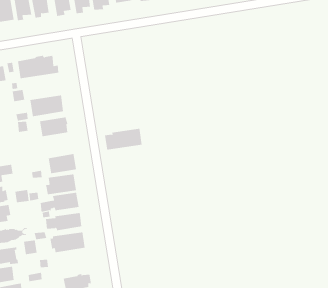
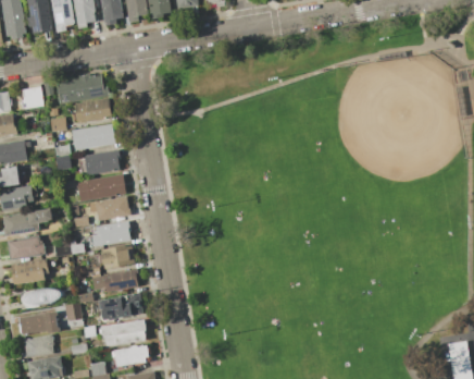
building: none -> [74,98,112,124]
building: [104,128,143,150] -> [77,174,125,201]
building: none -> [100,320,147,346]

